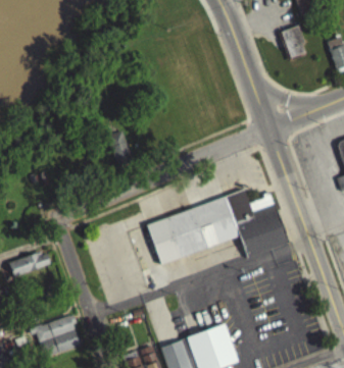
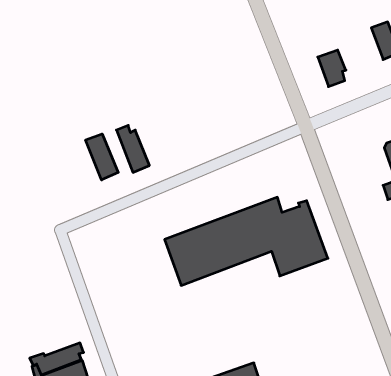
building: [281,24,305,56] -> [318,50,346,87]
building: none -> [86,134,118,180]
building: [8,252,51,276] -> none

